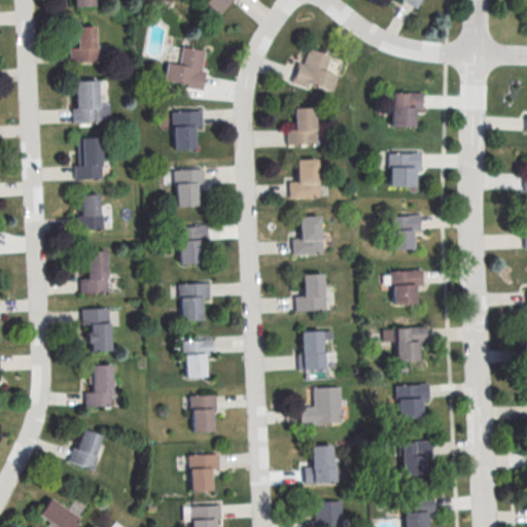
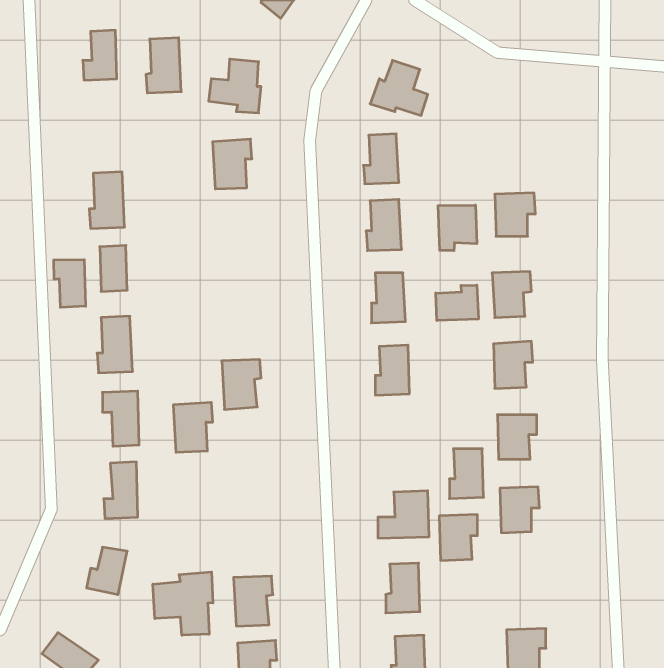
building: [72,81,100,125] -> [146,38,181,93]
building: [394,93,427,128] -> none
building: none -> [438,205,477,251]
building: [175,170,205,209] -> none
building: none -> [54,260,86,307]
building: none -> [436,285,478,321]
building: [177,226,208,265] -> none
building: [298,330,325,370] -> [449,449,484,499]
building: [183,340,214,379] -> [173,402,213,452]
building: [190,396,217,434] -> none
building: [401,441,431,477] -> [439,515,477,560]
building: none -> [153,572,213,635]

